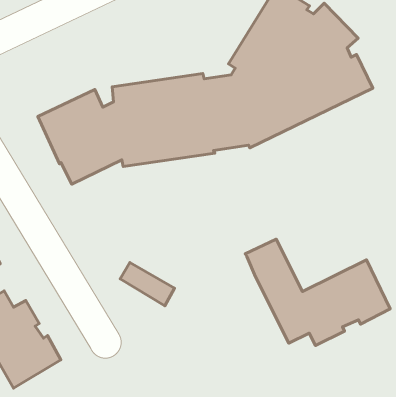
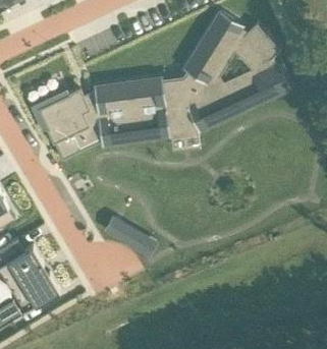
building: [245,239,390,345] -> none

